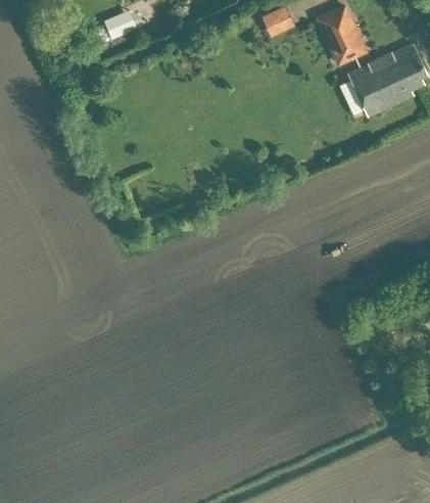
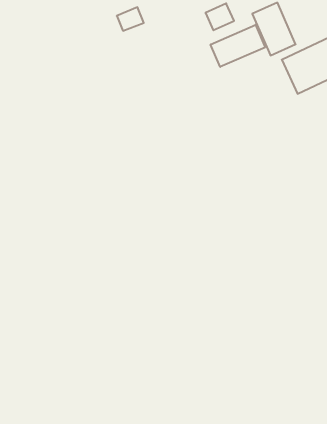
building: [106,10,138,38] -> [117,7,144,31]
building: none -> [211,25,265,67]

